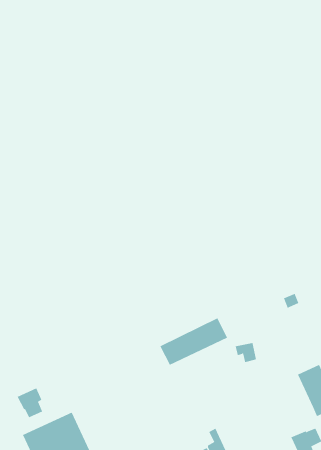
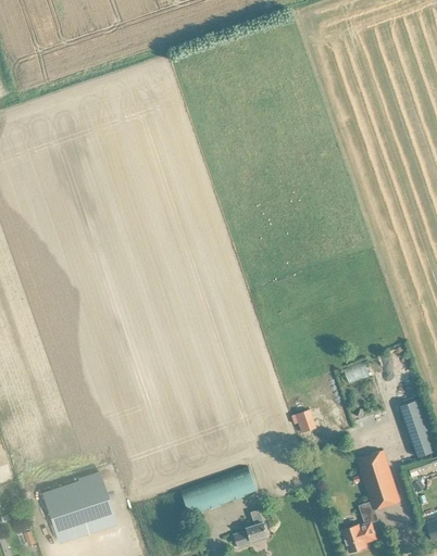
building: [160,317,228,365] -> [182,467,259,515]
building: [17,387,43,418] -> none

